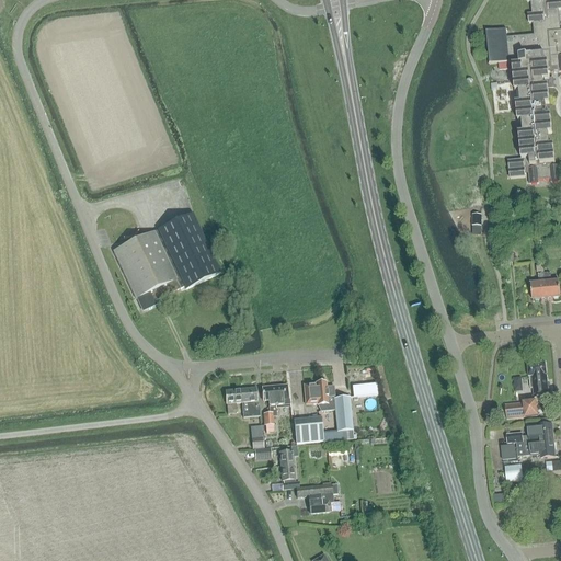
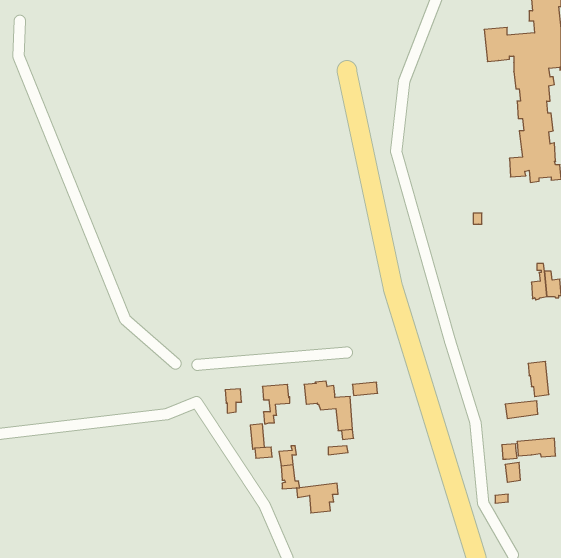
building: [113,211,220,309] -> none
building: [240,386,260,416] -> none
building: [294,417,322,442] -> none
building: [506,422,553,442] -> none

